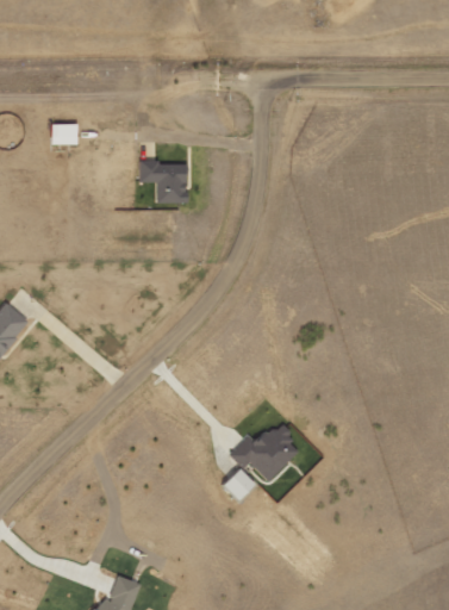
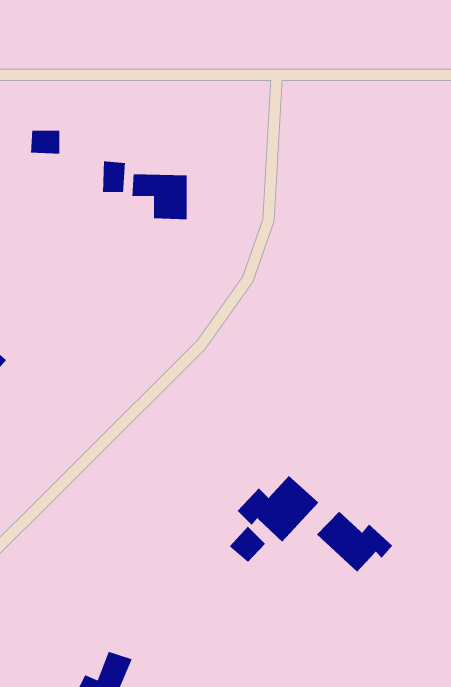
building: none -> [102,161,126,193]
building: none -> [316,511,393,573]

